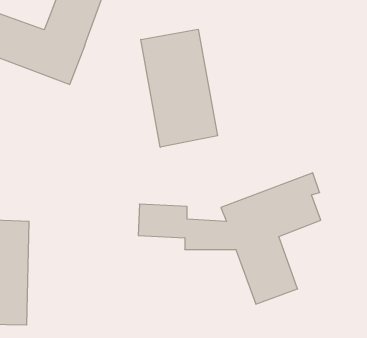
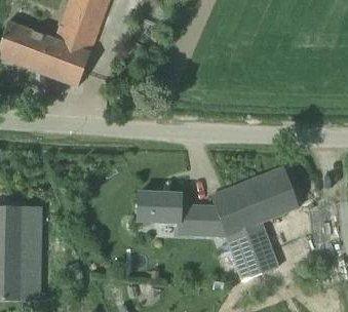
building: [141,29,218,147] -> none

